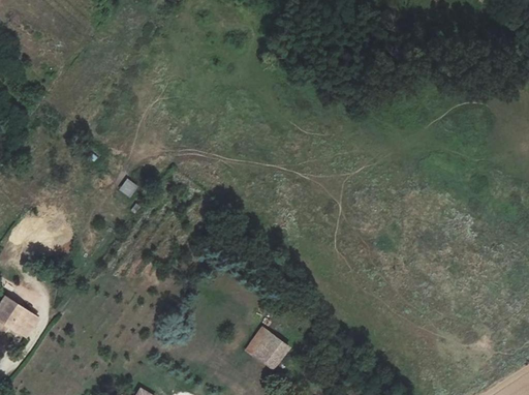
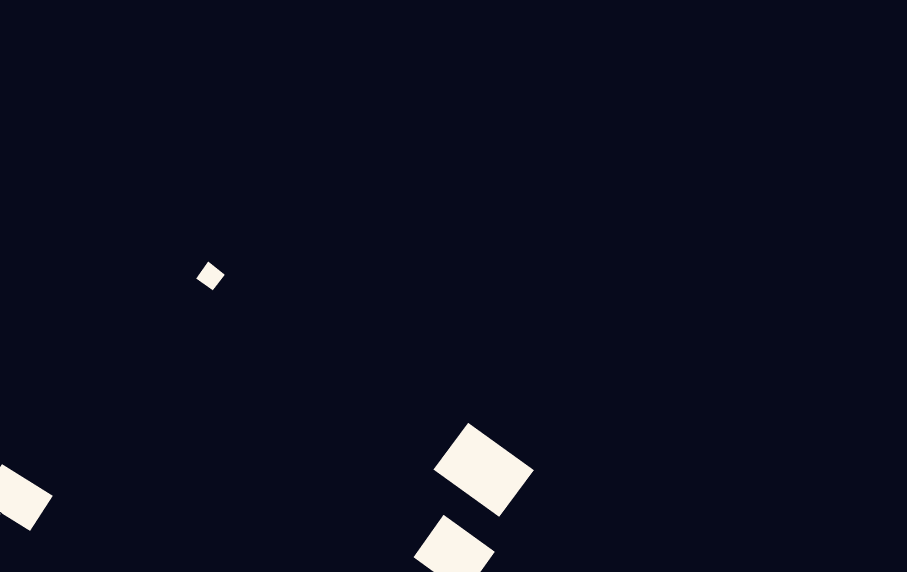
building: none -> [433,422,535,518]

